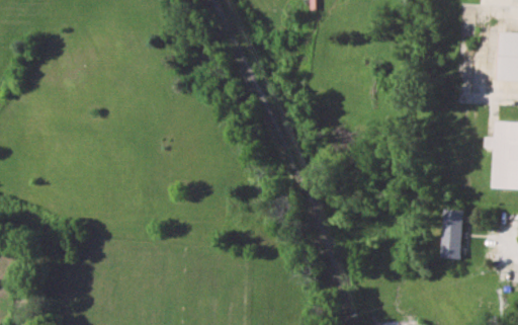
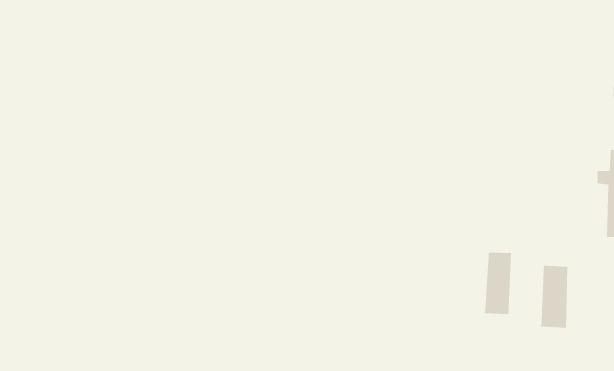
building: none -> [484,252,511,315]

